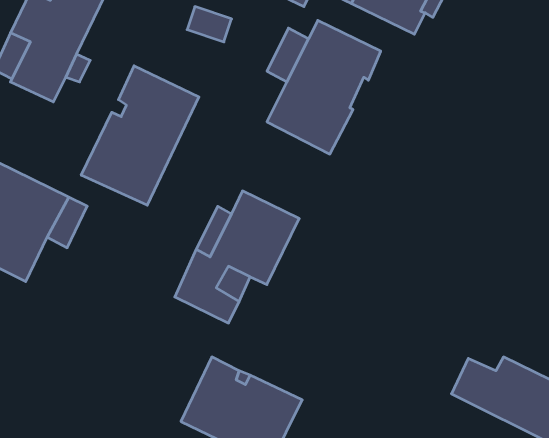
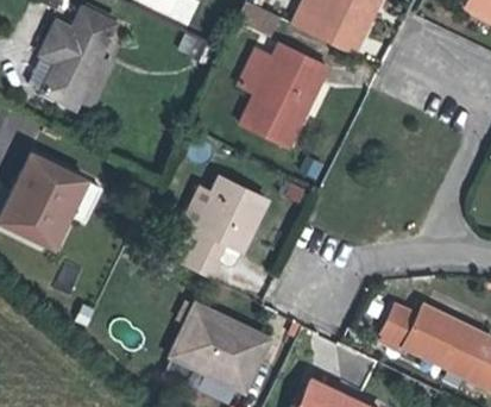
building: [81,66,199,205] -> none

